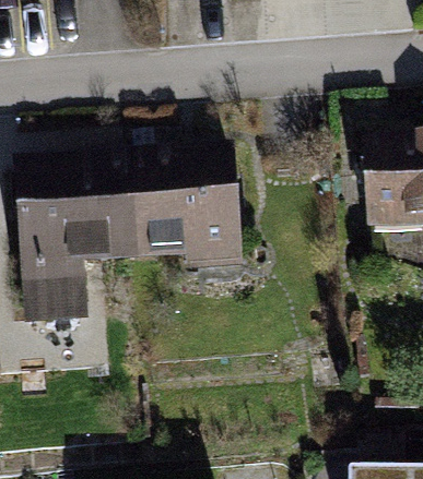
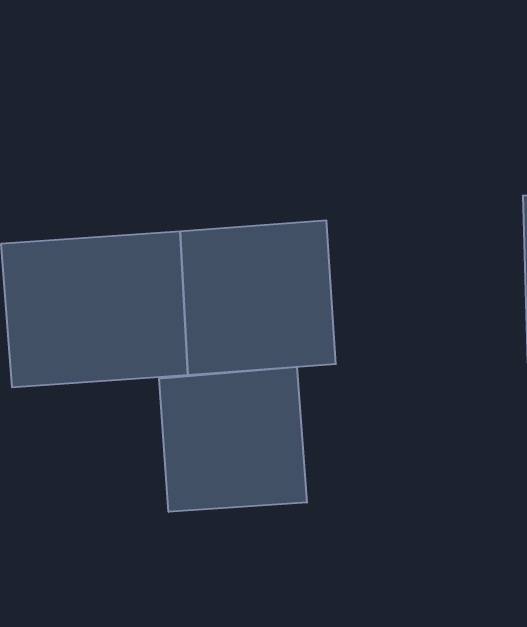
building: none -> [159,367,307,512]

